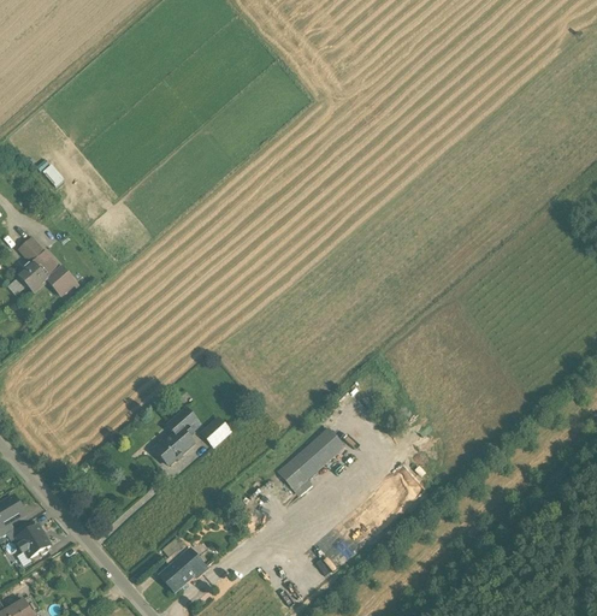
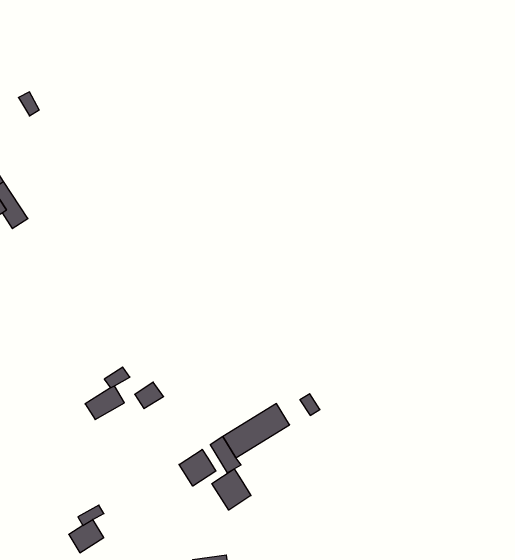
building: none -> [179,449,216,486]
building: none -> [212,469,251,510]

